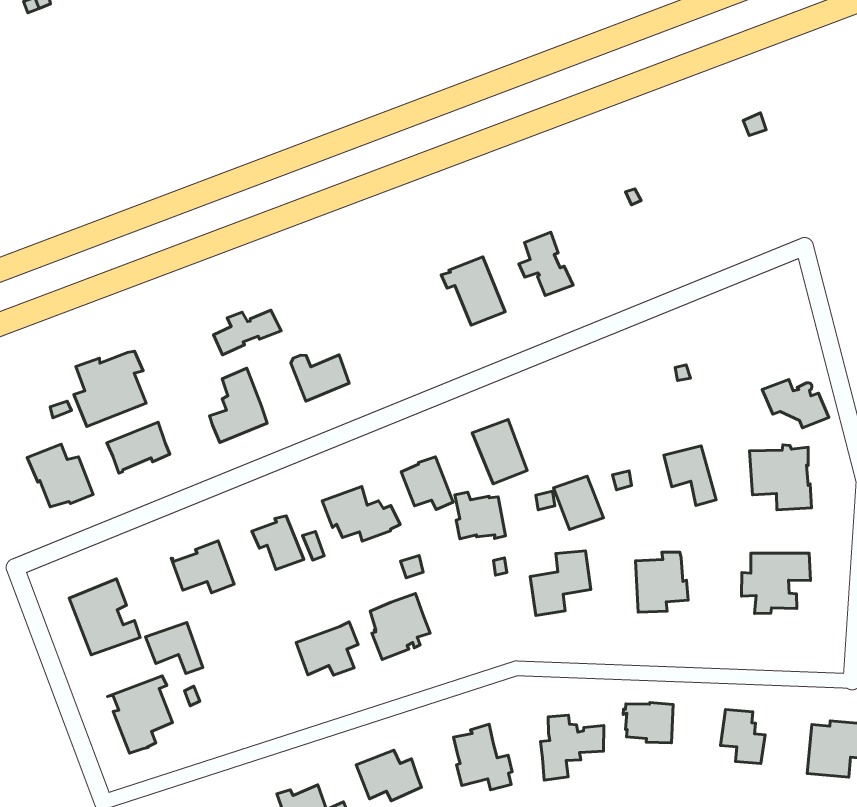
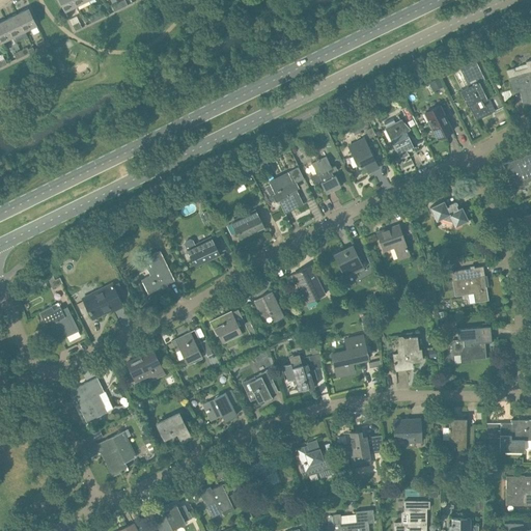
building: none -> [460,62,487,119]
building: none -> [425,106,452,139]
building: none -> [384,118,414,157]
building: none -> [348,138,378,170]
building: [213,310,281,355] -> none
building: none -> [231,211,263,237]
building: [74,351,146,426] -> none
building: [762,379,829,428] -> [429,200,469,227]
building: [664,446,716,505] -> [378,225,410,259]
building: [553,476,603,529] -> [334,246,364,277]
building: [455,492,506,539] -> [283,364,314,391]
building: [146,622,203,673] -> [157,413,191,442]

